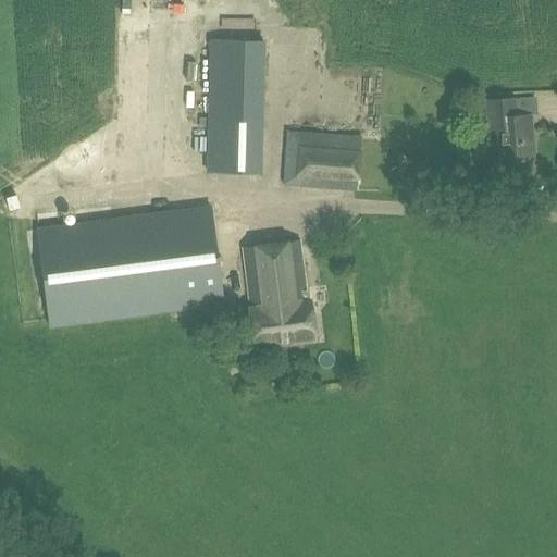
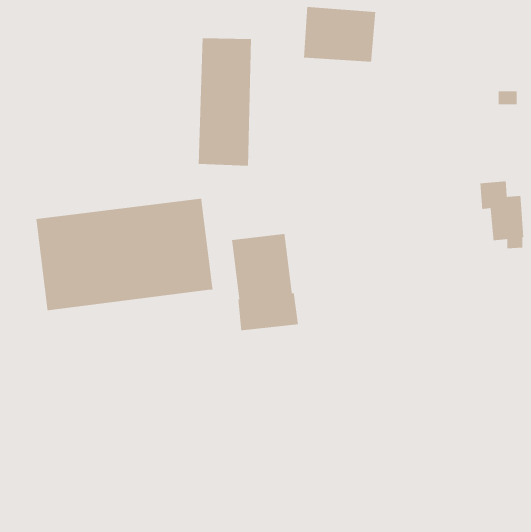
building: [485,99,532,171] -> [479,181,524,249]
building: [284,131,360,189] -> [303,6,376,62]

